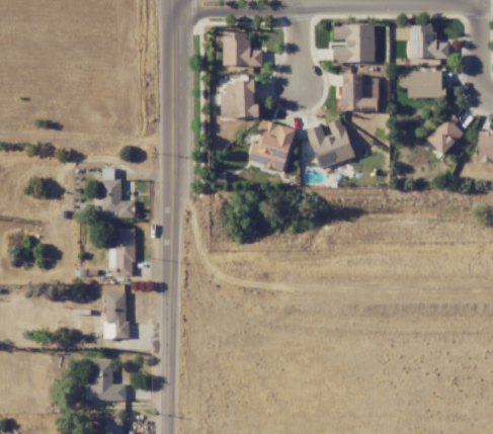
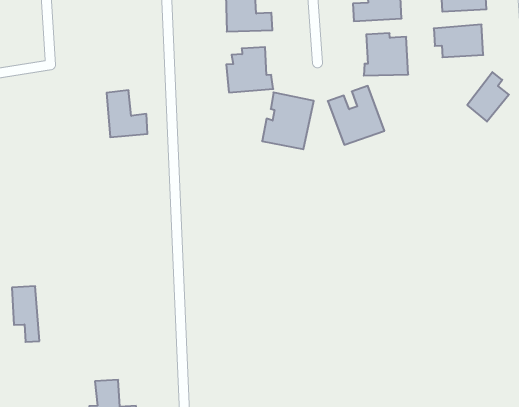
building: [101,179,135,219] -> [107,90,147,137]
building: [115,229,135,275] -> none
building: [106,291,128,339] -> [12,286,39,342]

